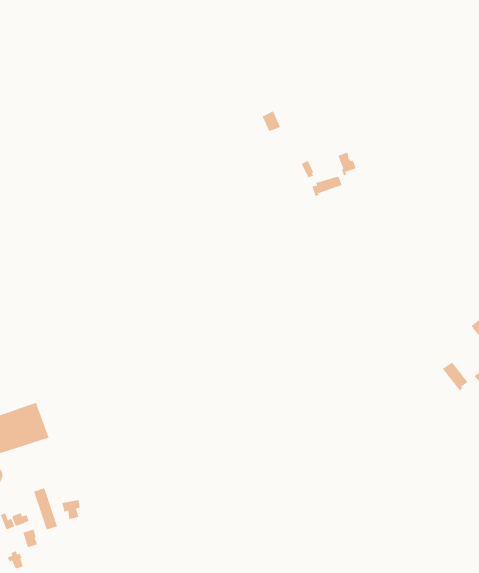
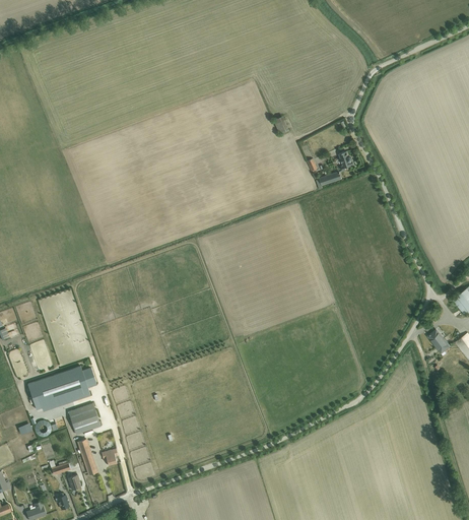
building: none -> [68,403,100,435]

